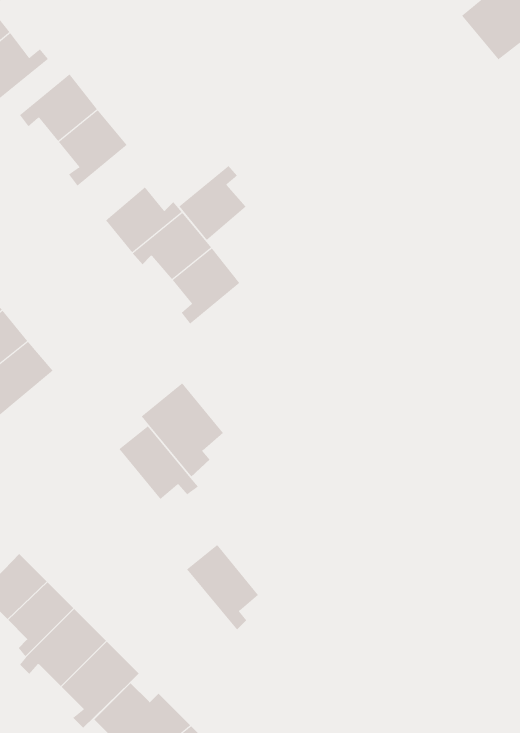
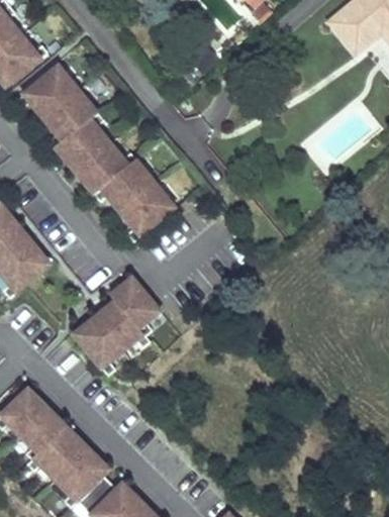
building: [178,165,247,241] -> [66,110,112,162]
building: [186,544,259,630] -> [73,317,122,376]

